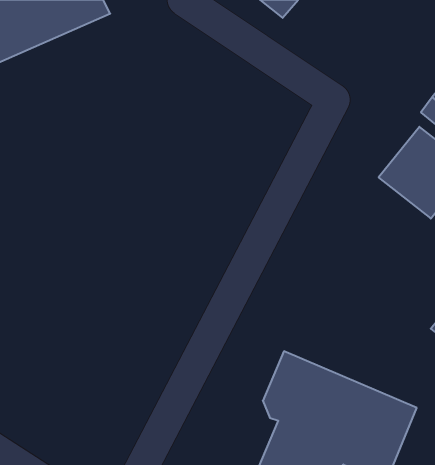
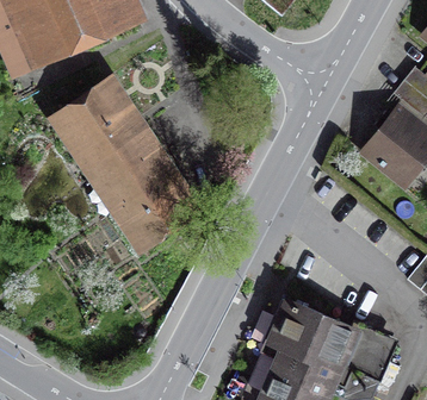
building: none -> [61,89,186,240]

